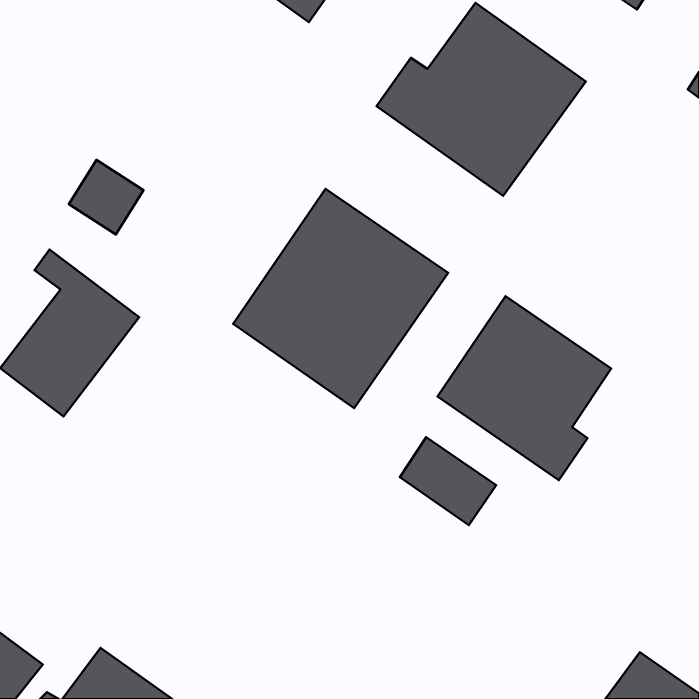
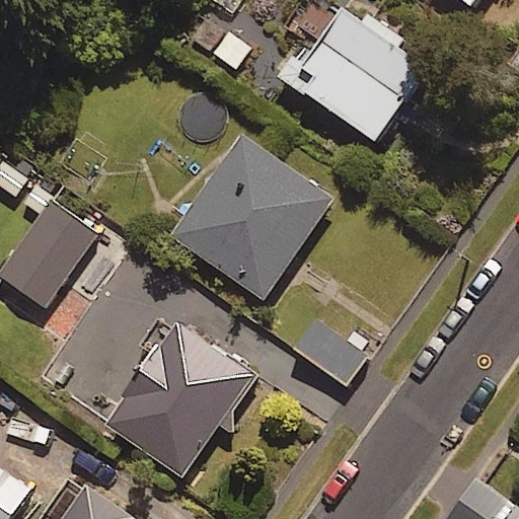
building: [438,296,611,480] -> none
building: none -> [113,323,258,475]

